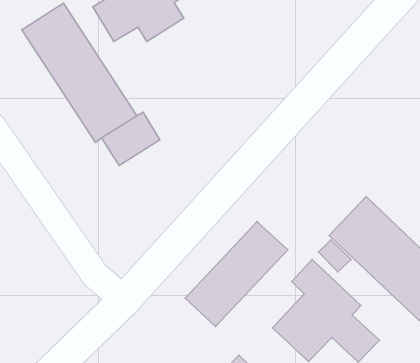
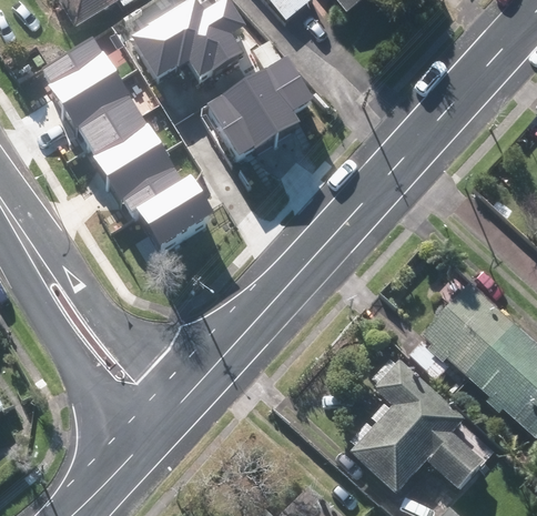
building: none -> [202,65,310,166]
building: [185,222,288,326] -> none

